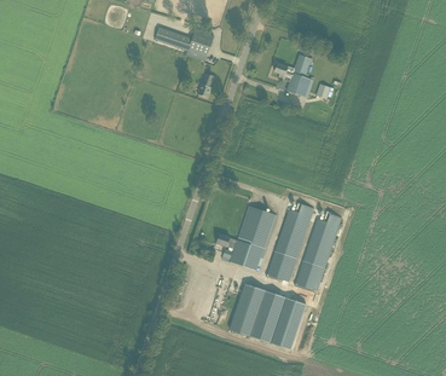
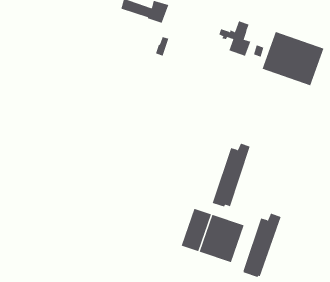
building: none -> [262,31,324,86]
building: [216,204,276,268] -> none
building: [295,212,342,290] -> [243,213,281,277]

